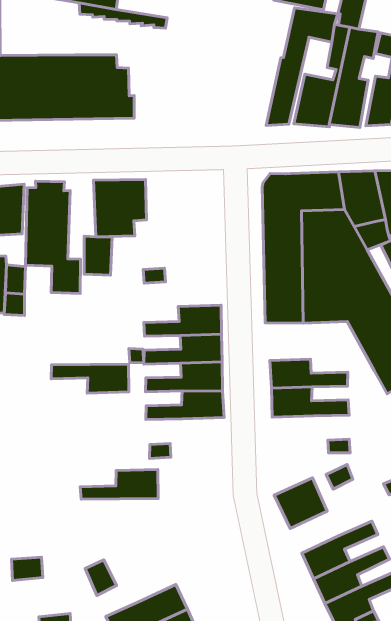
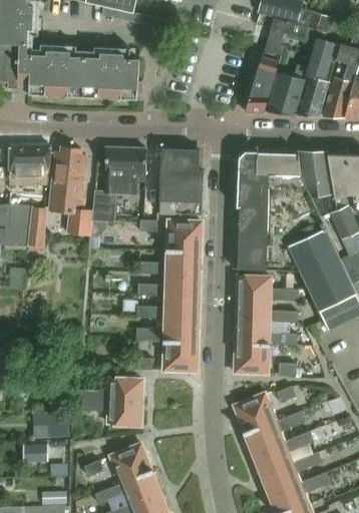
building: none -> [158,149,204,215]
building: none -> [166,221,202,252]
building: none -> [237,277,299,301]
building: [51,364,129,393] -> [79,400,141,425]
building: none -> [235,344,269,374]
building: none -> [163,341,198,372]
building: none -> [245,411,306,453]
building: none -> [43,413,69,439]
building: none -> [109,444,151,484]

